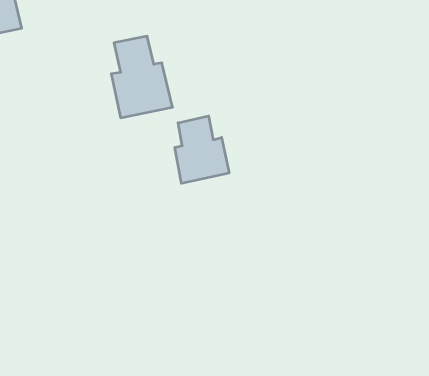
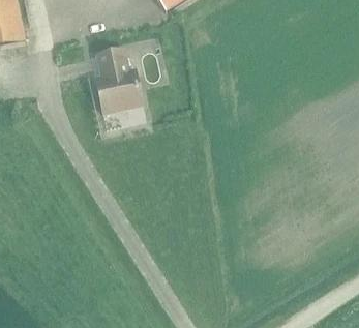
building: [175,116,229,183] -> none

